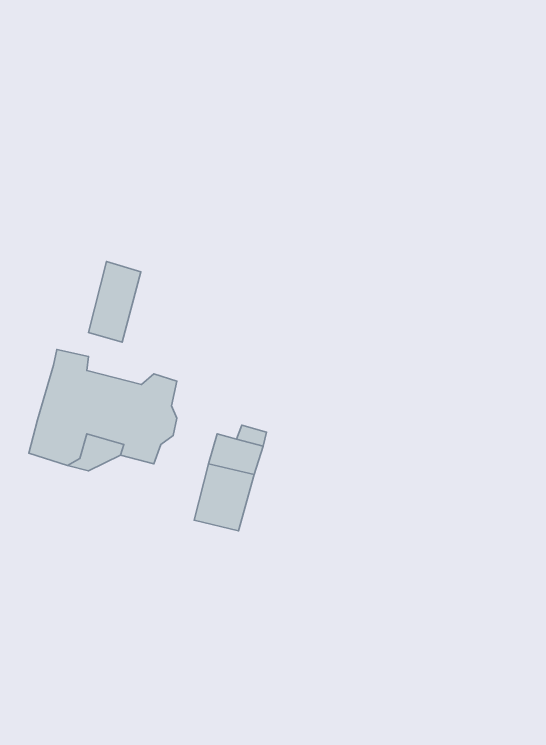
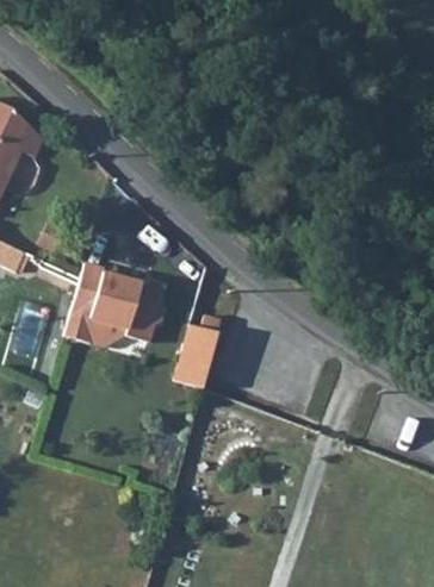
building: [89,262,141,342] -> none

